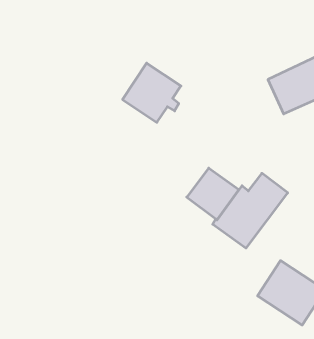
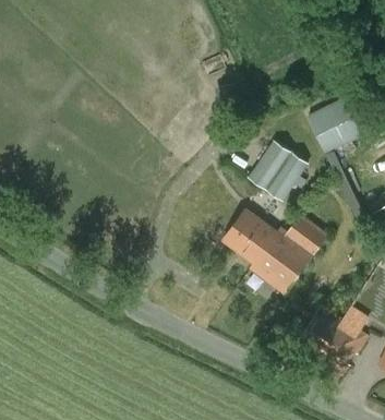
building: [123,63,181,122] -> [249,139,310,201]

